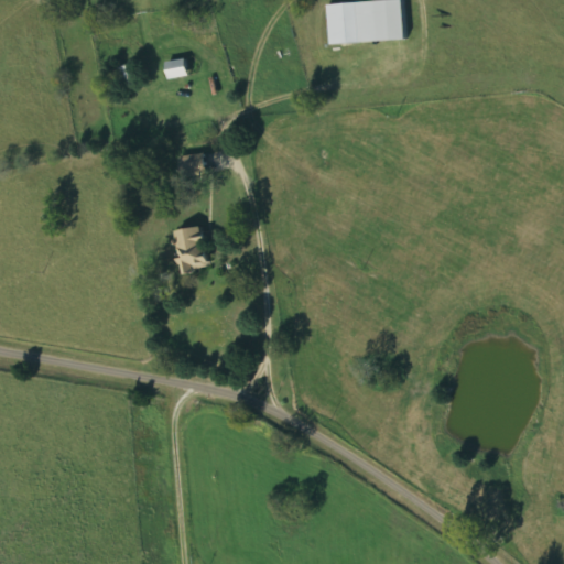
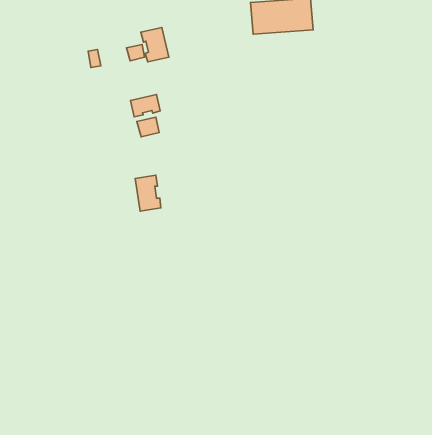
building: none -> [141,27,169,62]
building: none -> [131,94,160,117]

